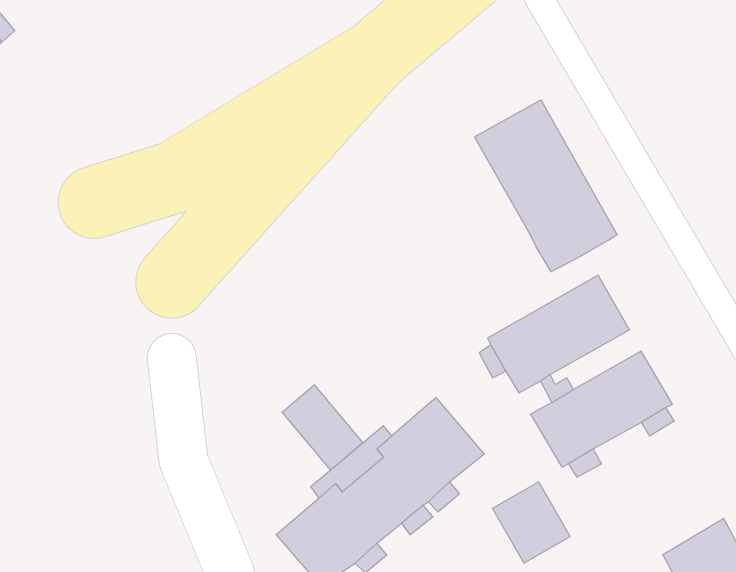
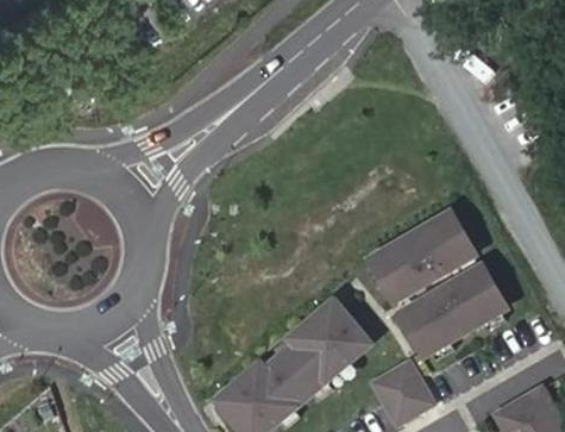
building: [475,100,617,272] -> none
building: [282,385,363,470] -> none

